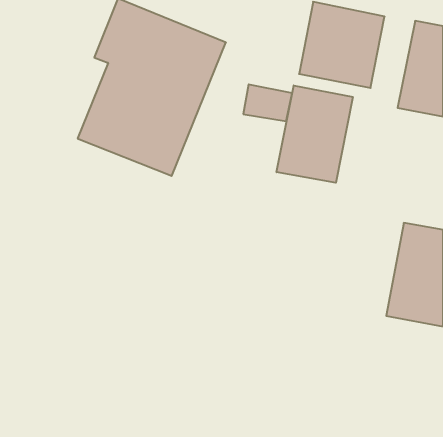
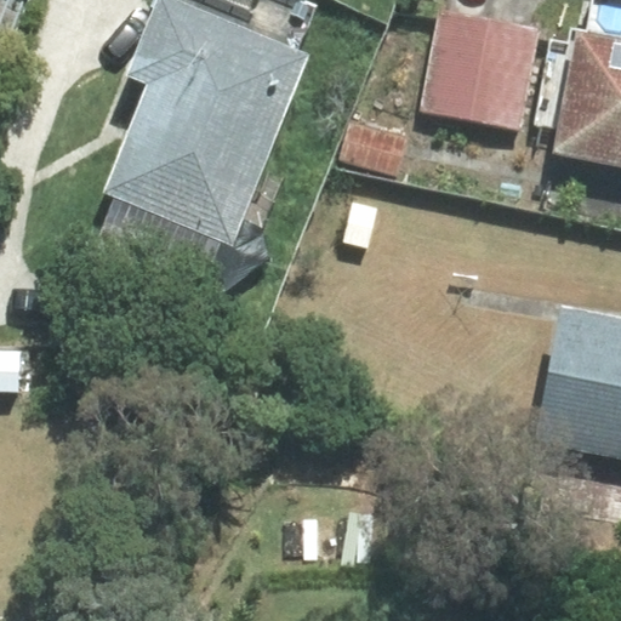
building: [277,85,353,183] -> none

